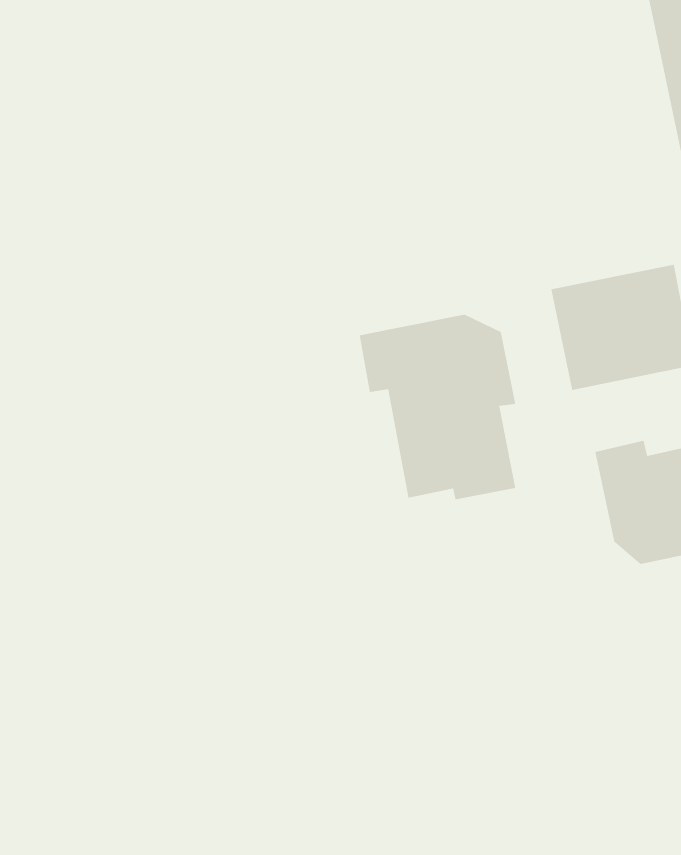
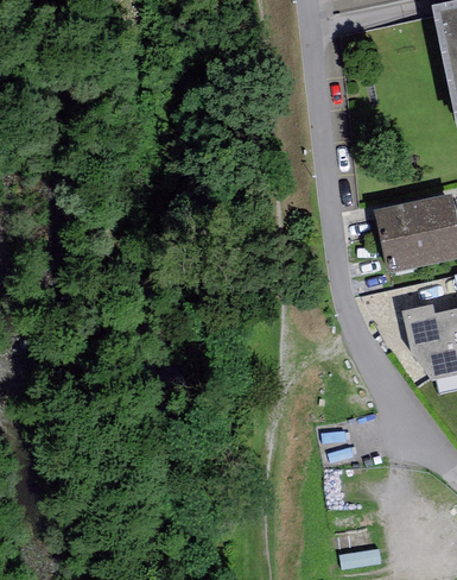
building: [359,314,516,500] -> none

